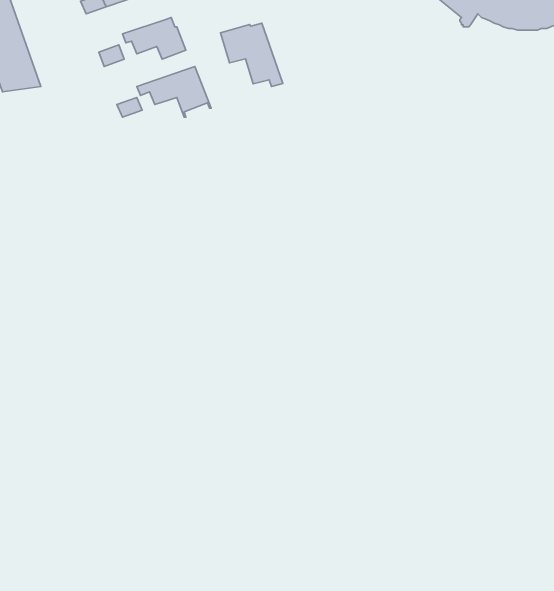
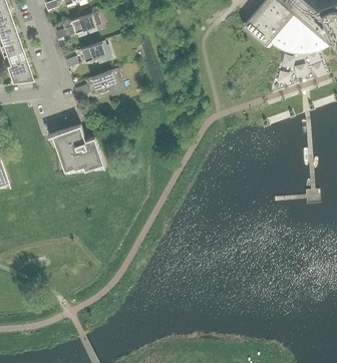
building: [221,23,283,87] -> none
building: none -> [52,123,105,168]

